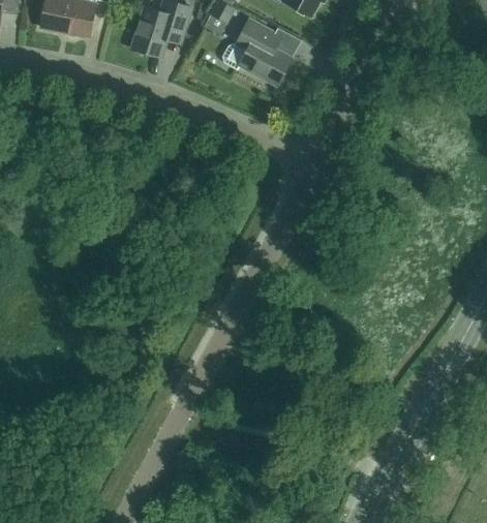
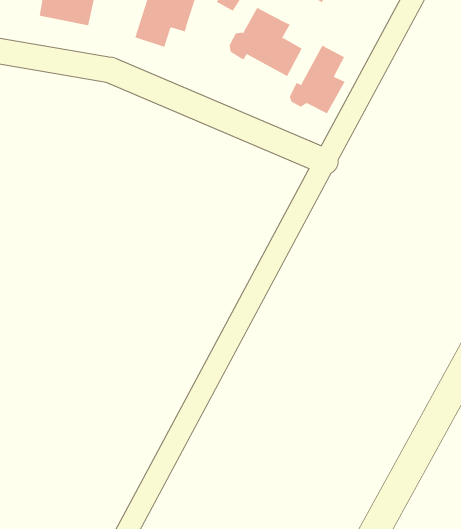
building: none -> [289,45,345,114]

